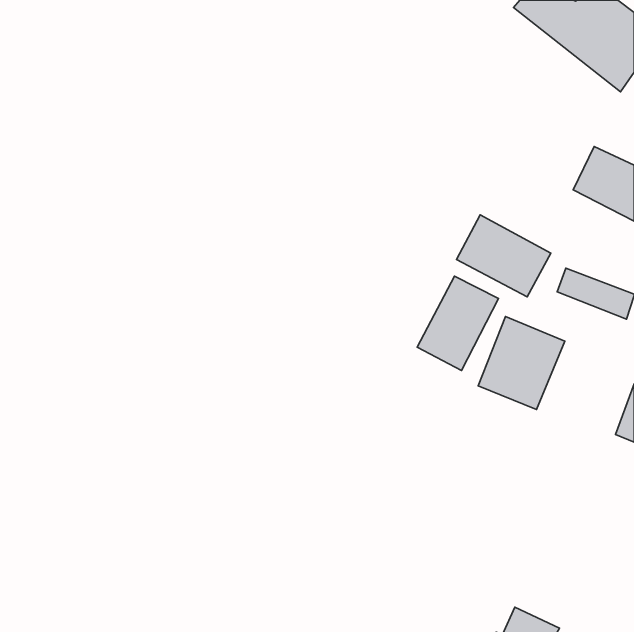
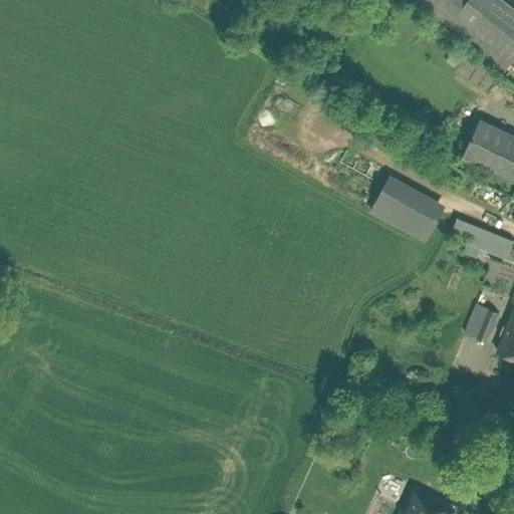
building: [417,276,498,371] -> none
building: [478,316,565,409] -> none
building: none -> [465,304,498,342]

